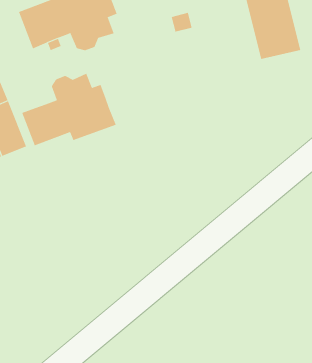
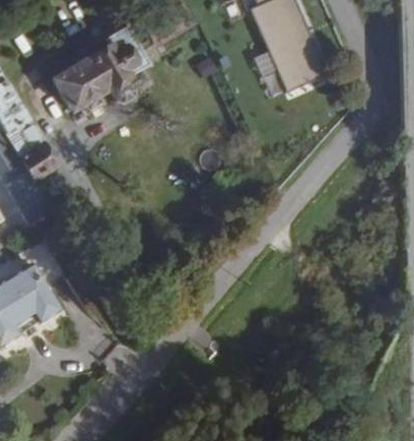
building: [21,73,117,146] -> none

